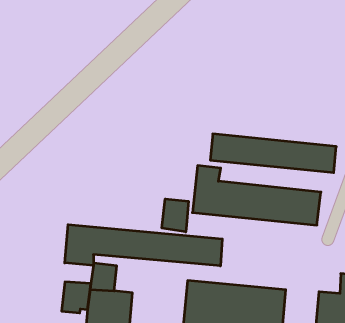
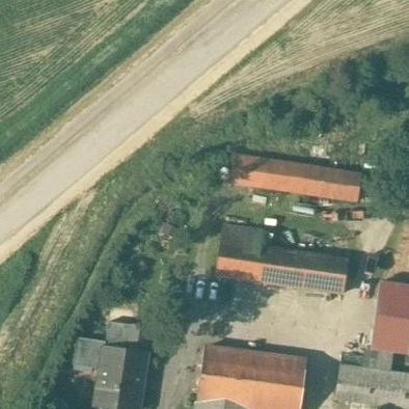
building: [210,134,336,173] -> [231,154,363,201]
building: [162,199,188,232] -> none
building: [65,225,222,266] -> none

